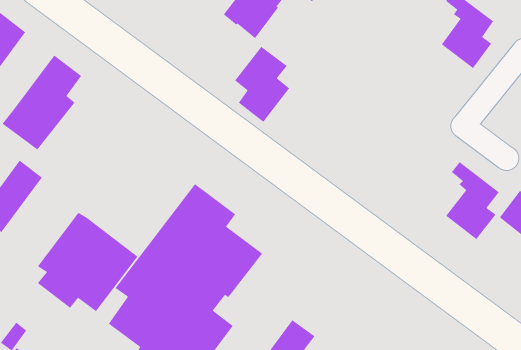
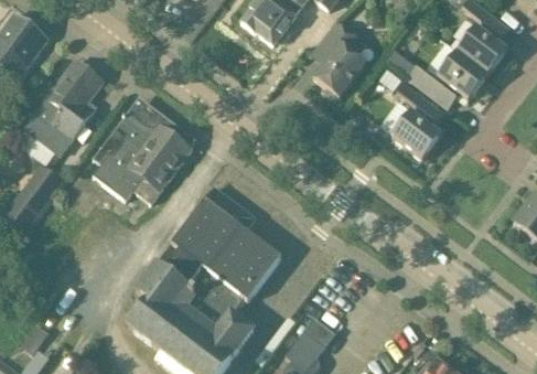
building: none -> [408,50,488,107]
building: [234,46,290,123] -> [310,20,365,96]
building: [445,161,500,240] -> [391,81,445,159]
building: [37,212,138,312] -> [93,104,193,203]

